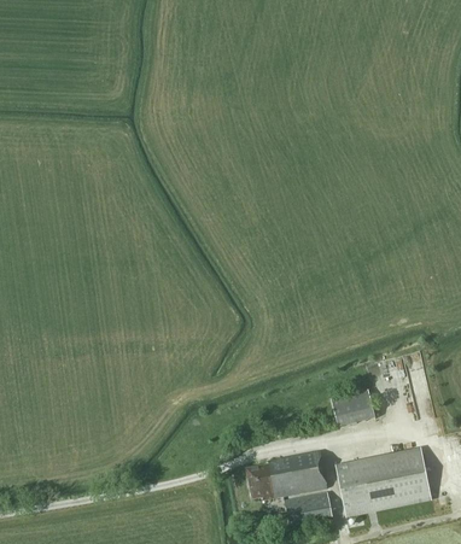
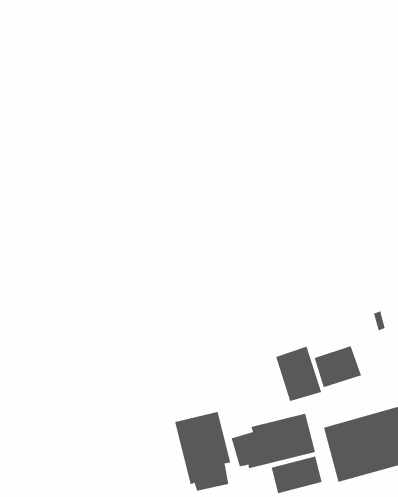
building: none -> [275,346,322,402]
building: none -> [175,411,231,492]

